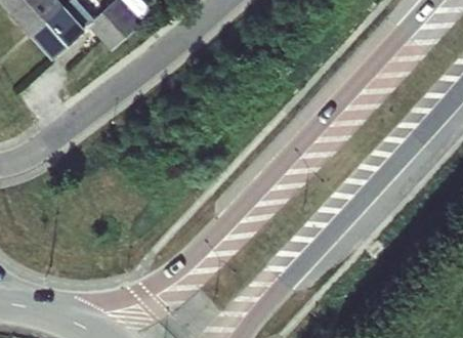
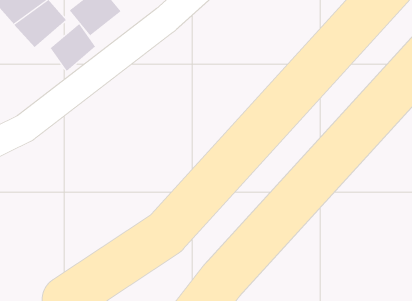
building: none -> [50,23,96,72]

